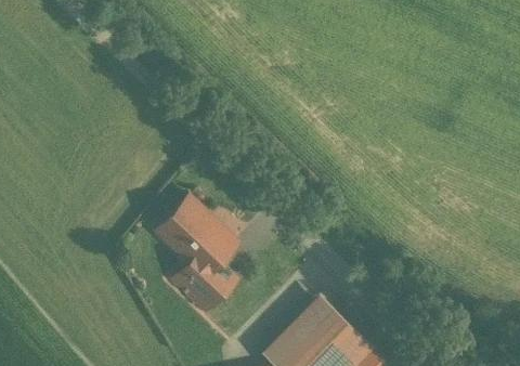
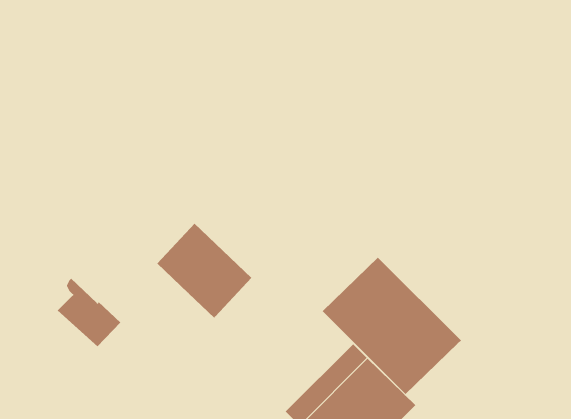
building: none -> [322,257,462,395]
building: [172,254,225,312] -> [57,278,121,347]

